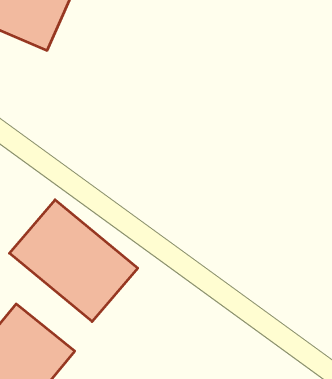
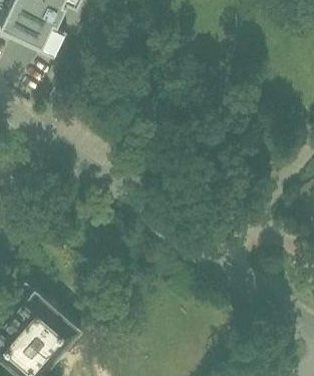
building: [9,200,138,322] -> none

